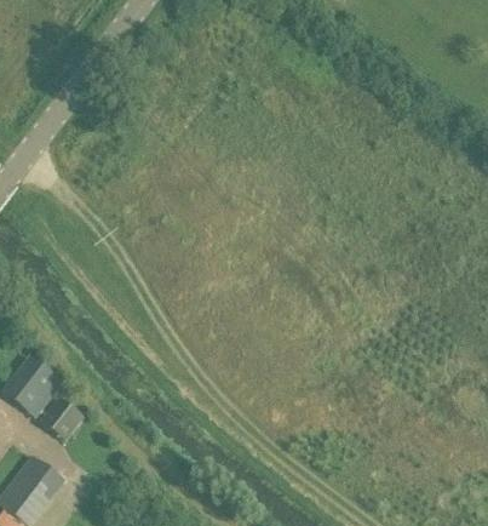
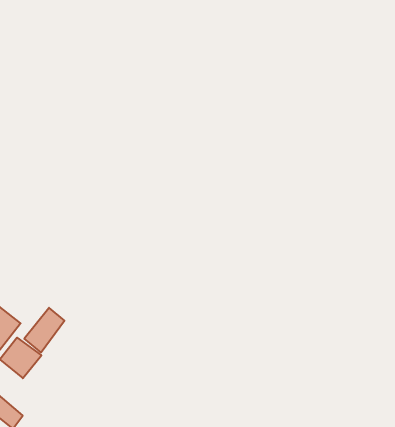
building: none -> [24,308,64,352]

